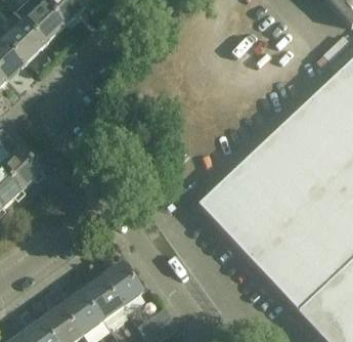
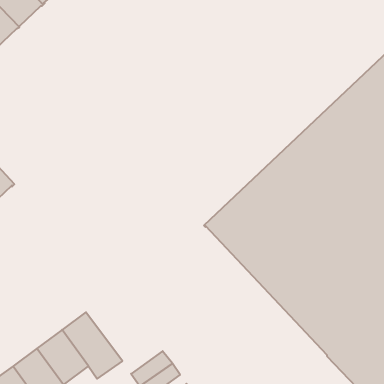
building: [101,261,143,305] -> none

